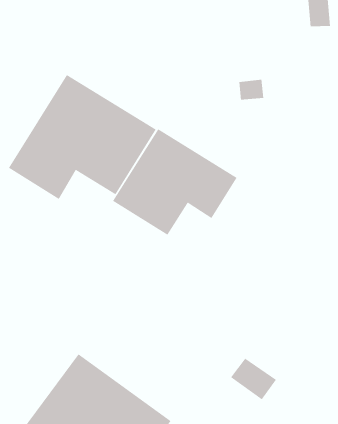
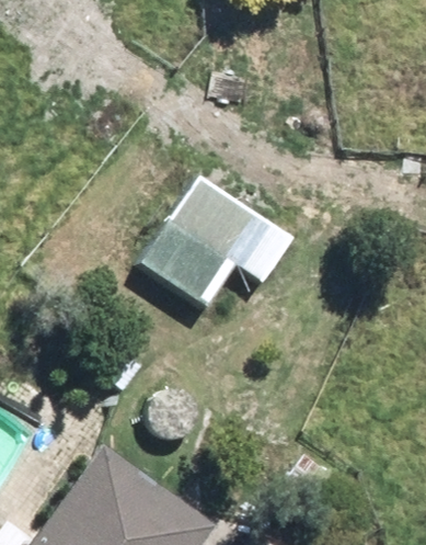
building: [8,74,157,200] -> none

